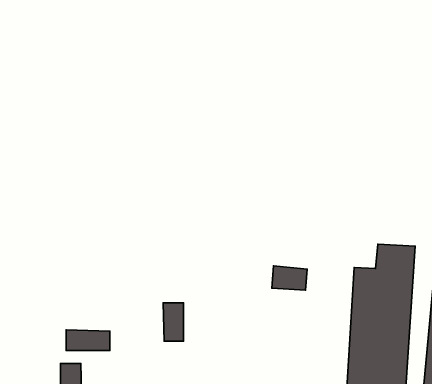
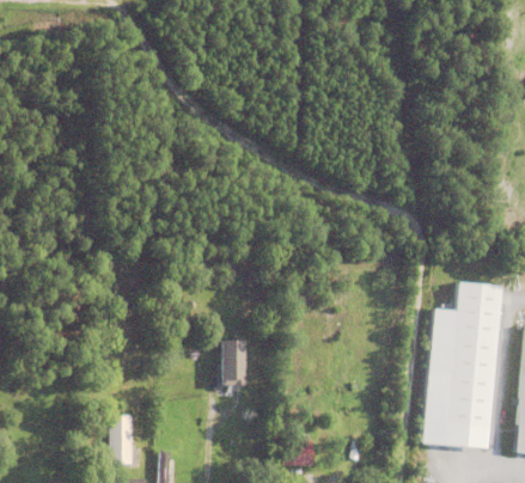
building: [272,266,307,290] -> none
building: [66,330,110,350] -> none

